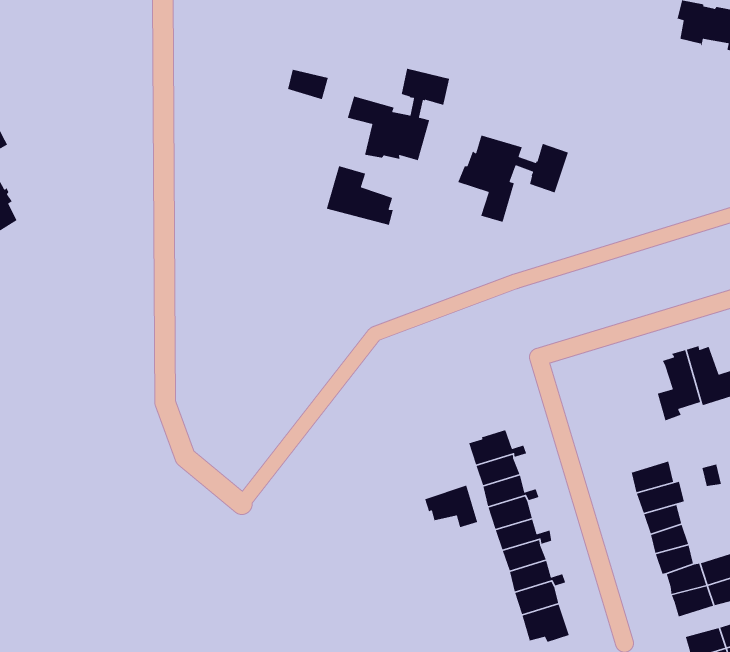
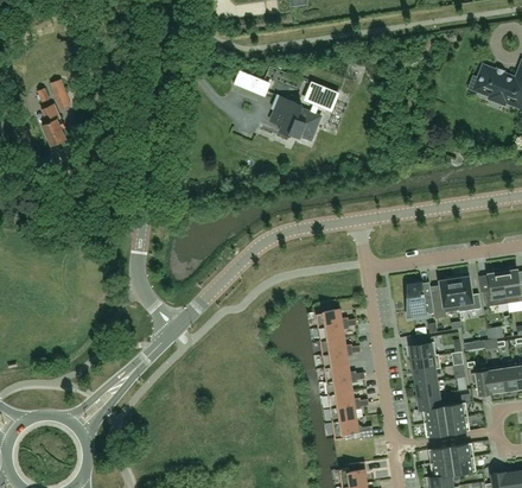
building: [457,135,569,223] -> none
building: [326,165,394,226] -> none
building: none -> [407,280,434,315]
building: [424,484,478,528] -> none

